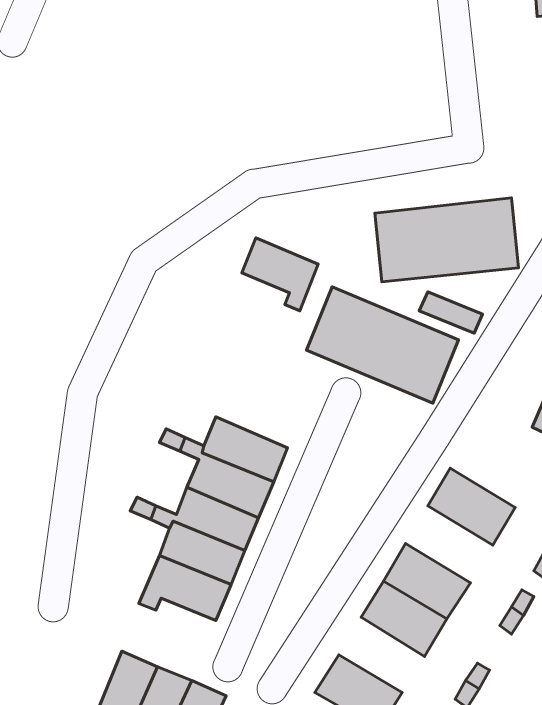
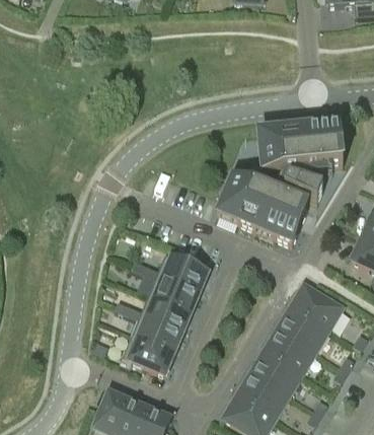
building: [242,238,318,311] -> none
building: none -> [277,304,328,350]
building: none -> [237,370,288,415]

